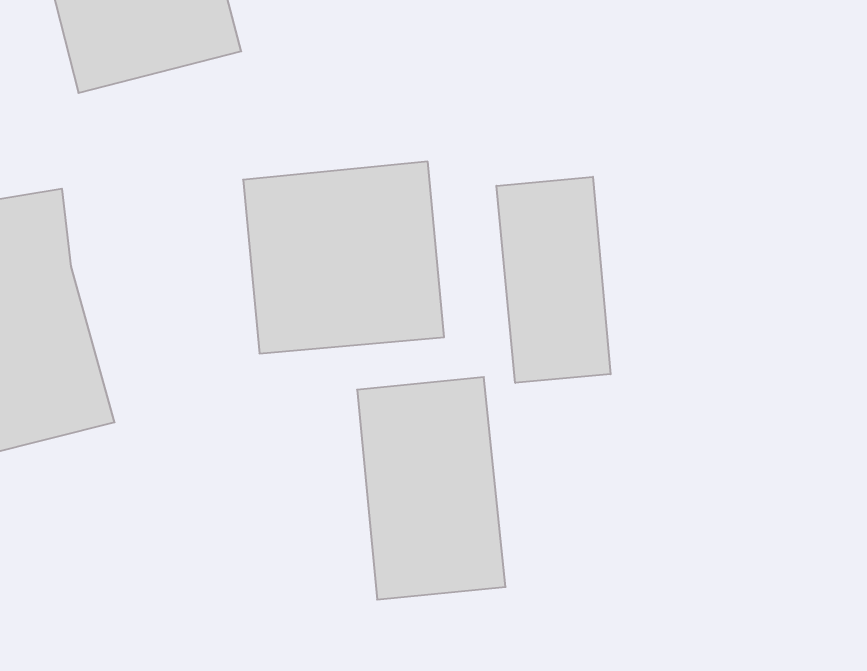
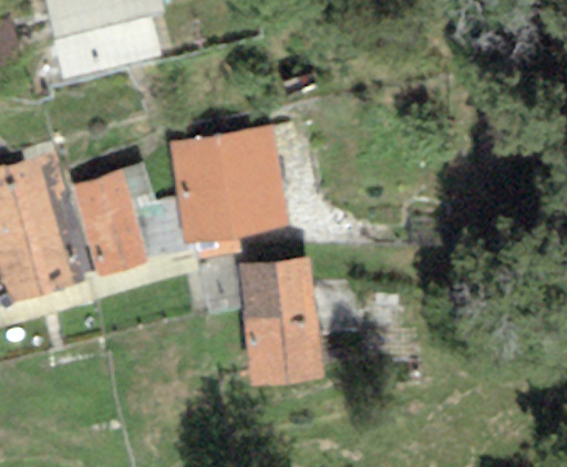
building: [496,177,611,383] -> none
building: none -> [59,172,151,284]

